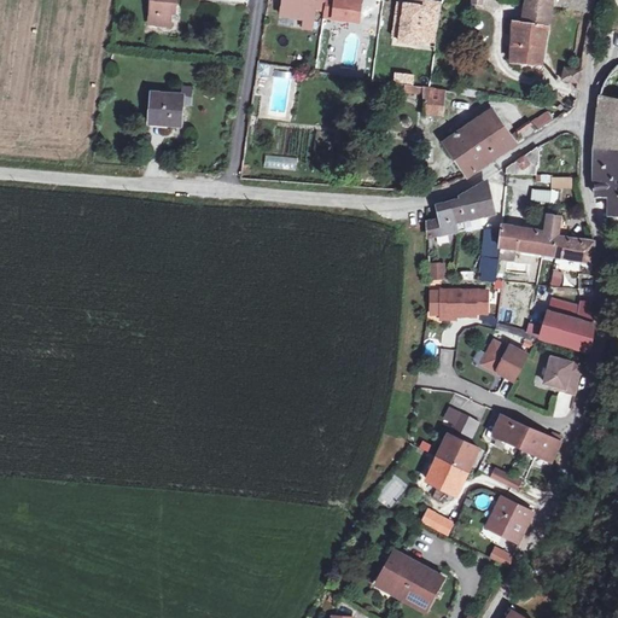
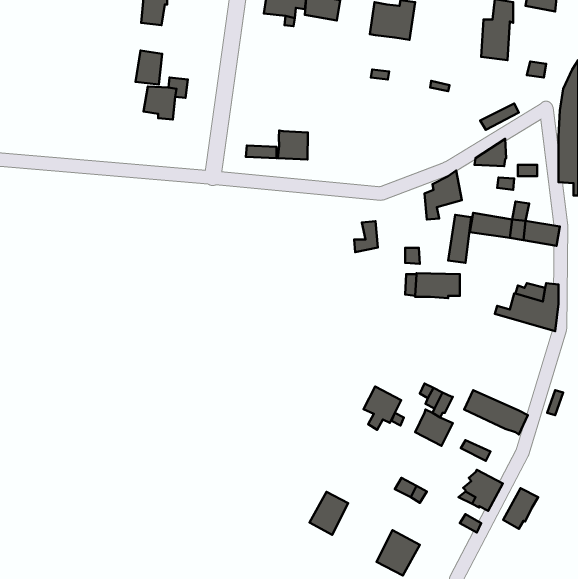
building: none -> [135,51,162,84]
building: [402,86,443,115] -> none
building: [443,111,513,176] -> none
building: none -> [278,131,308,159]
building: [427,205,453,238] -> [354,221,378,252]
building: [488,342,530,381] -> none
building: [544,357,581,393] -> none
building: [428,459,468,505] -> [364,387,401,430]
building: none -> [503,488,538,529]
building: [375,550,416,596] -> [310,492,348,535]

